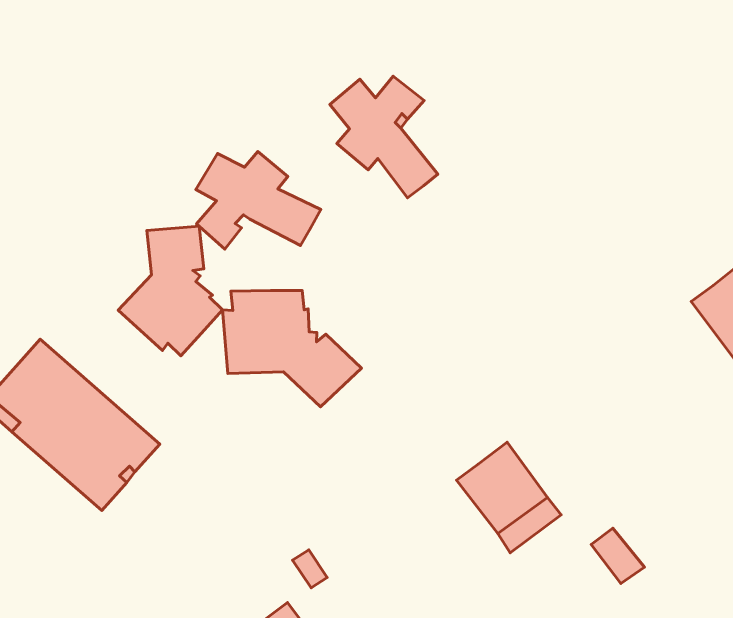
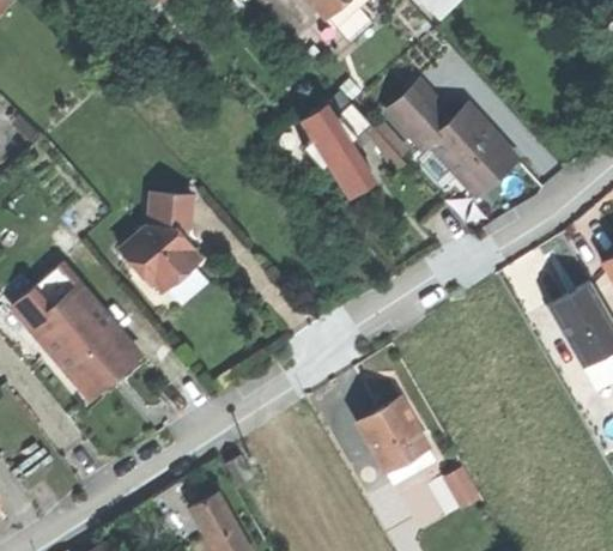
building: none -> [388,84,516,196]
building: [196,151,321,249] -> none
building: [223,291,361,407] -> none

